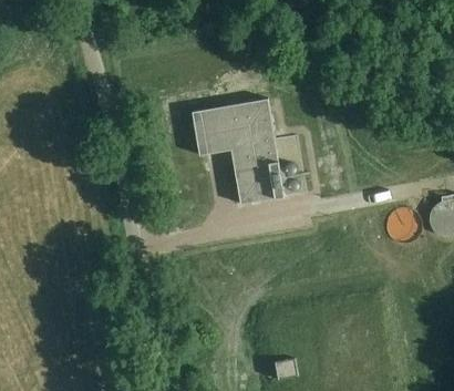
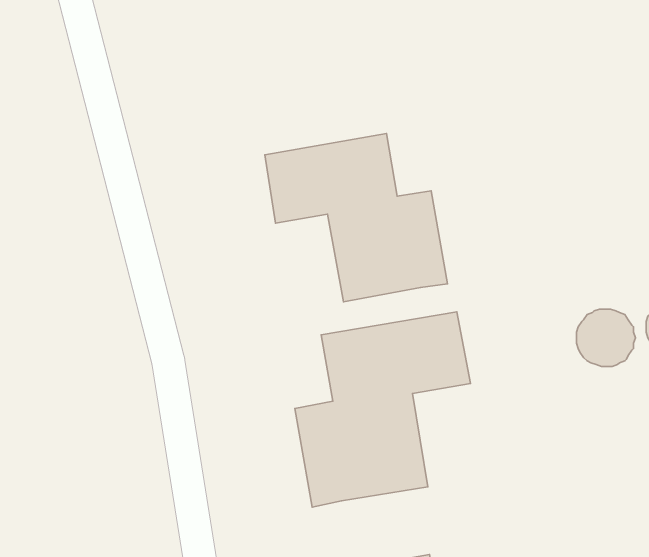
building: none -> [295,312,470,507]

